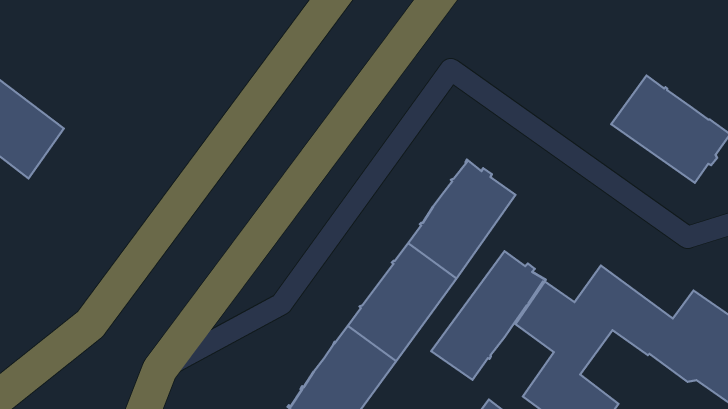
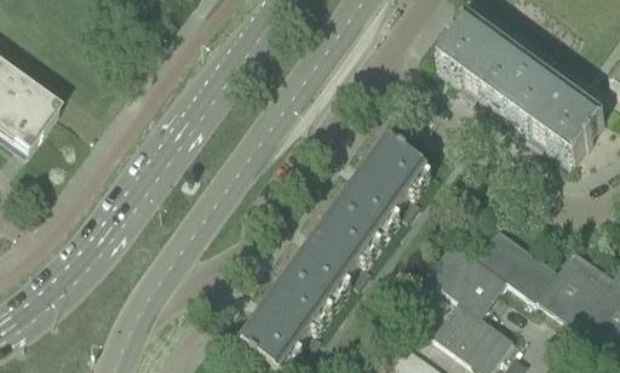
building: none -> [436,18,533,109]
building: [431,251,546,380] -> none

